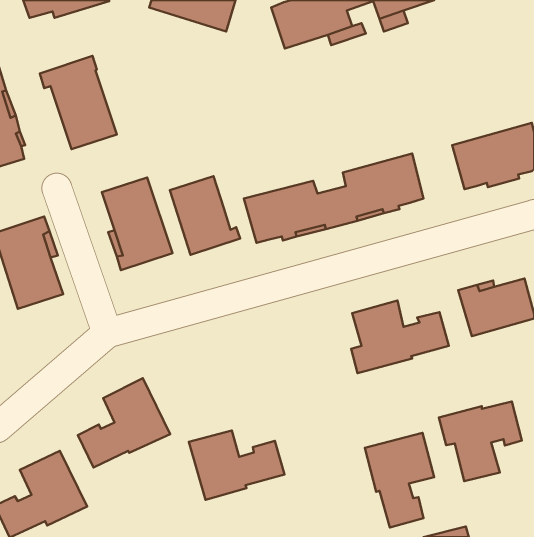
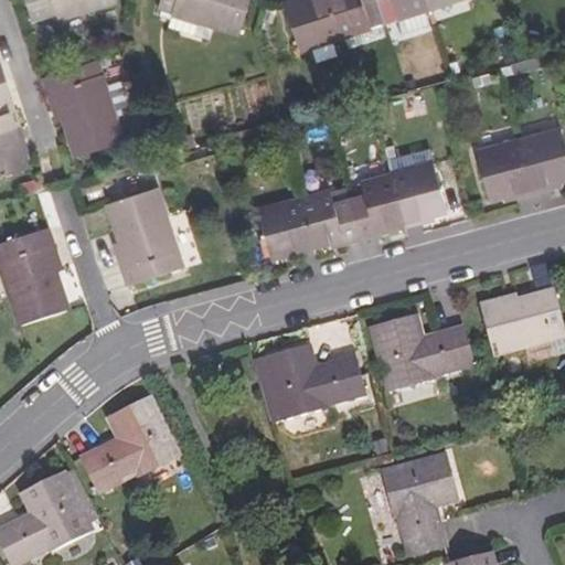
building: [170,176,240,255] -> none
building: [439,401,522,481] -> none
building: [189,430,284,500] -> [264,345,364,418]

